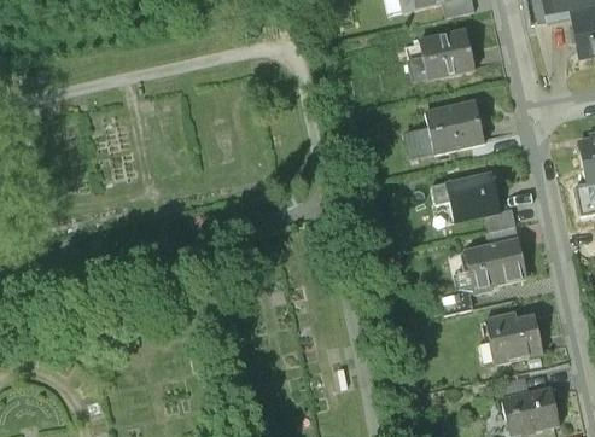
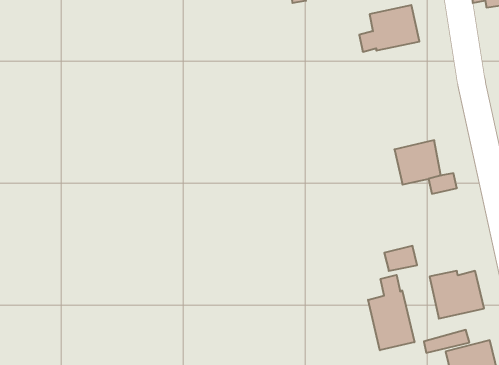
building: [406,100,483,156] -> none
building: [465,235,525,291] -> none
building: none -> [368,275,414,350]

